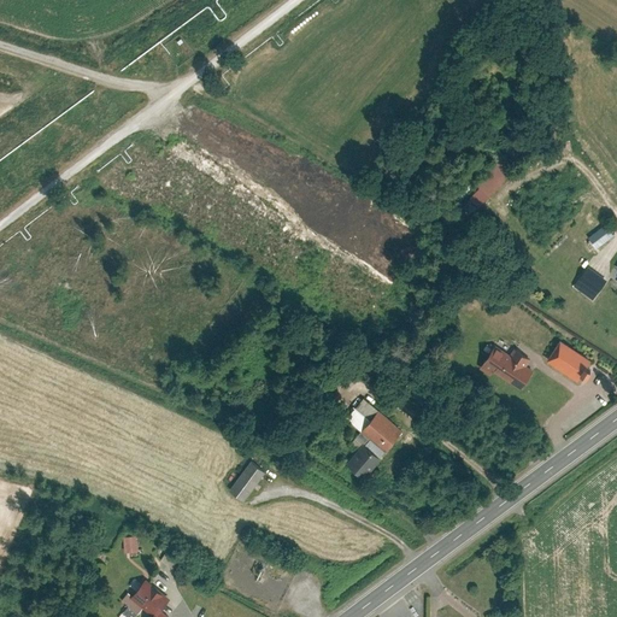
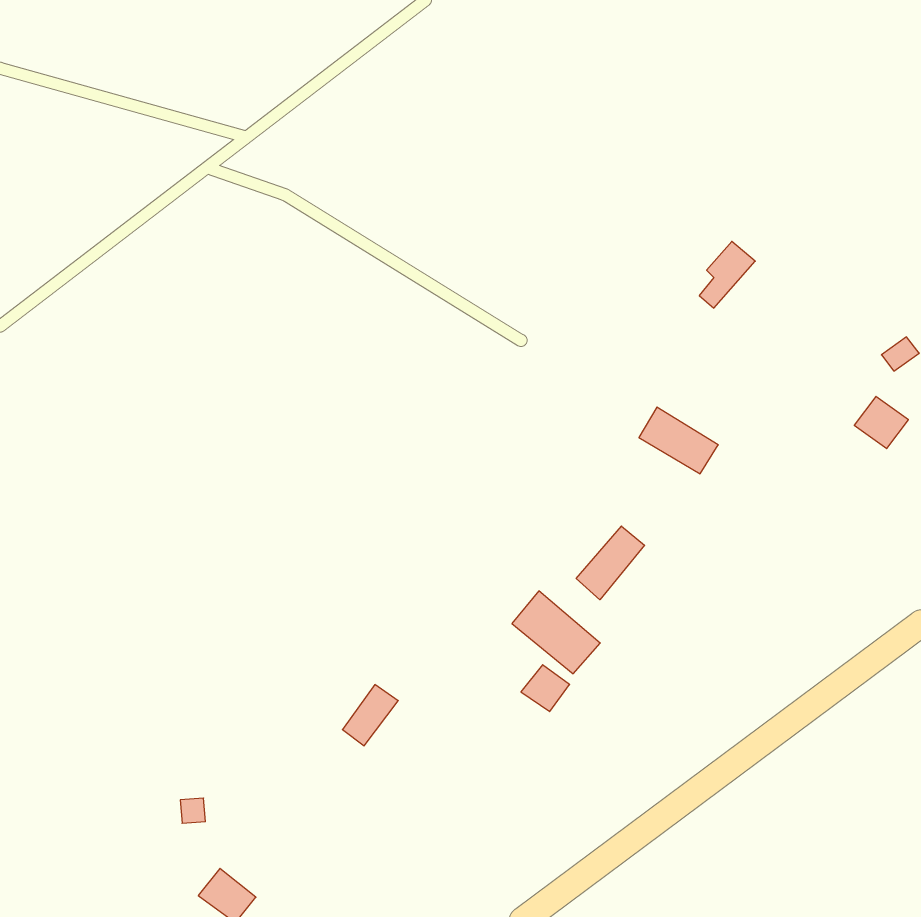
building: [543,341,590,383] -> none
building: [480,346,533,390] -> [639,407,718,474]
building: none -> [576,526,645,600]

